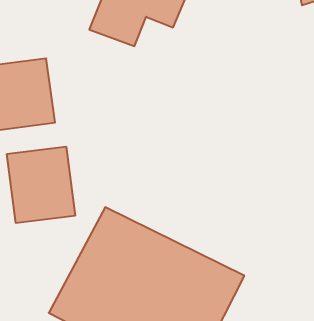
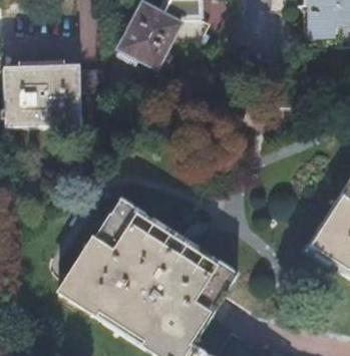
building: [7,147,75,223] -> none

